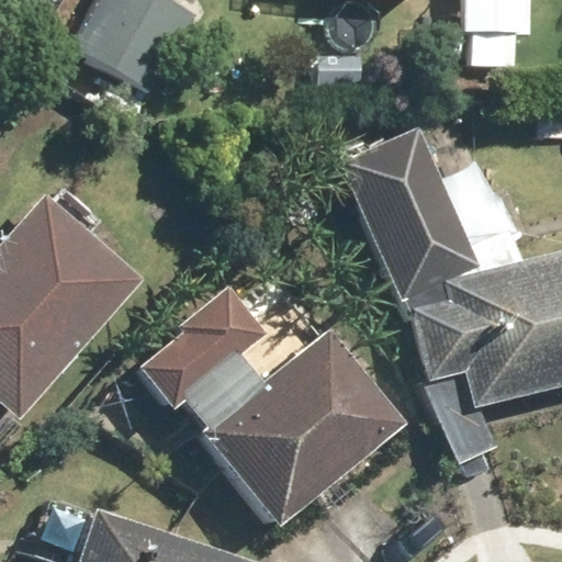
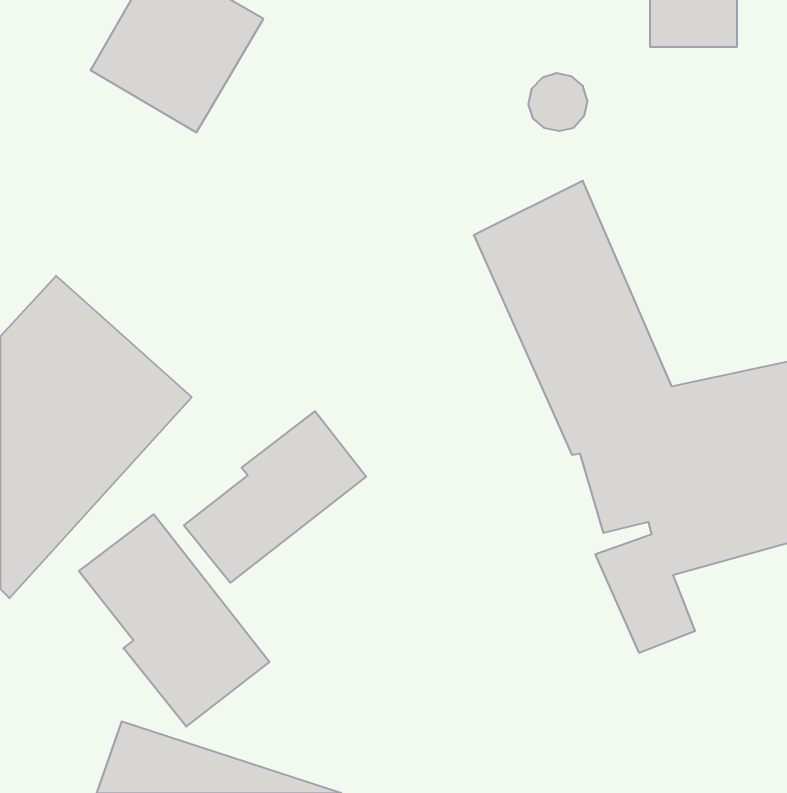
building: [196,327,408,531] -> none
building: none -> [79,514,269,727]

